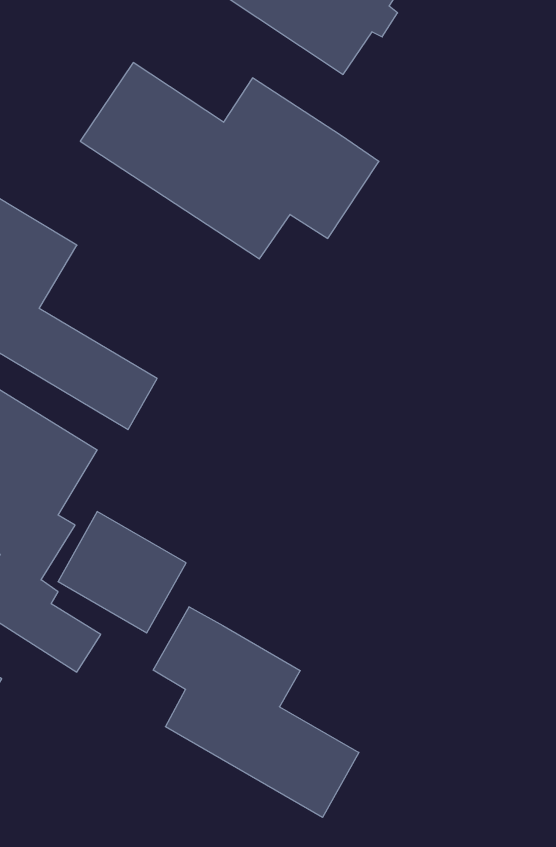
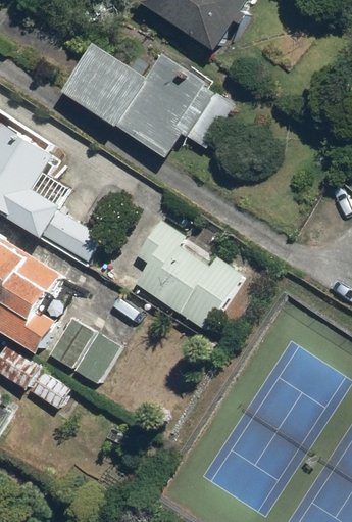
building: none -> [133,216,243,330]
building: [153,607,359,817] -> none

